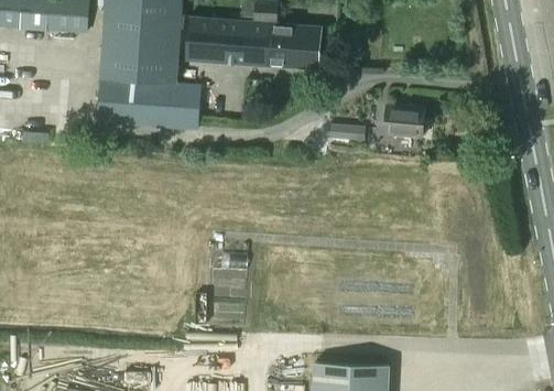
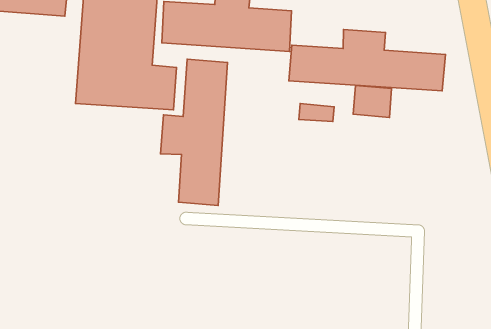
building: none -> [289,30,445,91]
building: none -> [161,59,228,206]

